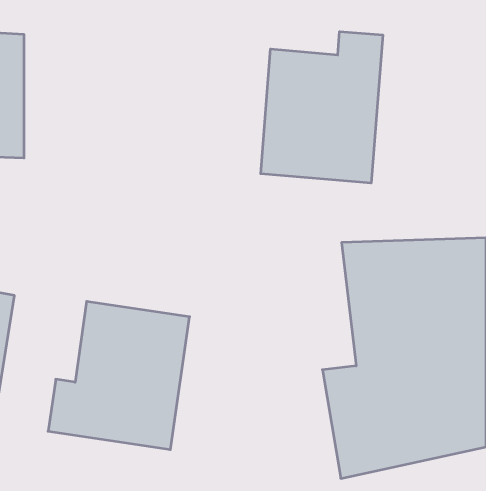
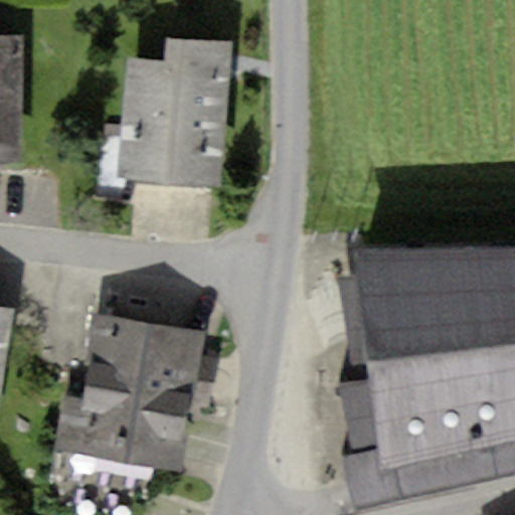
building: [261,32,383,183] -> none
building: none -> [121,40,232,186]

